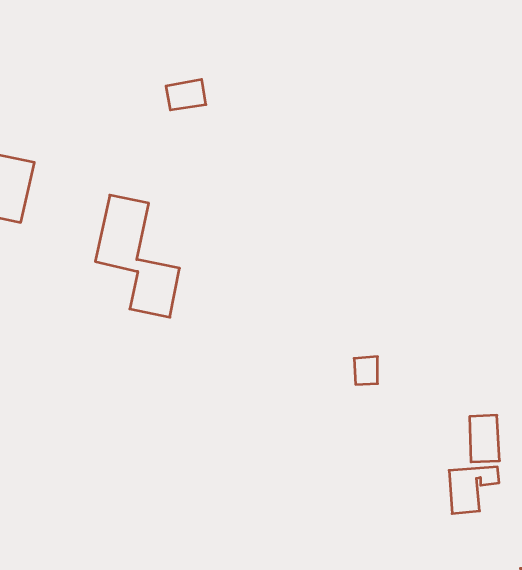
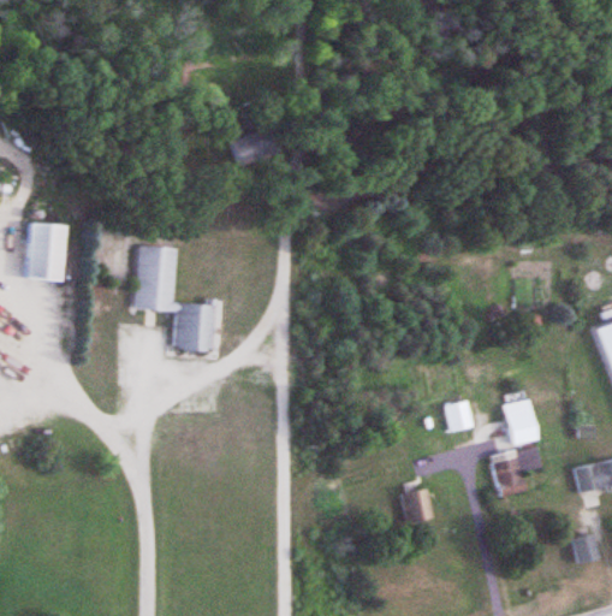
building: [166,79,206,110] -> [231,129,271,161]
building: [354,357,378,384] -> [446,402,471,431]
building: none -> [400,488,433,523]

